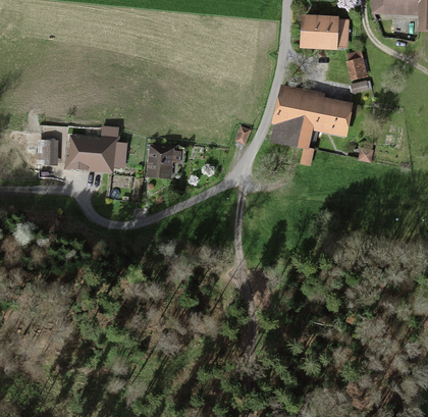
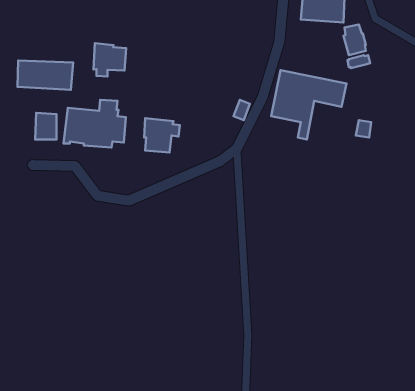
building: none -> [94,43,126,77]
building: none -> [17,61,73,90]

